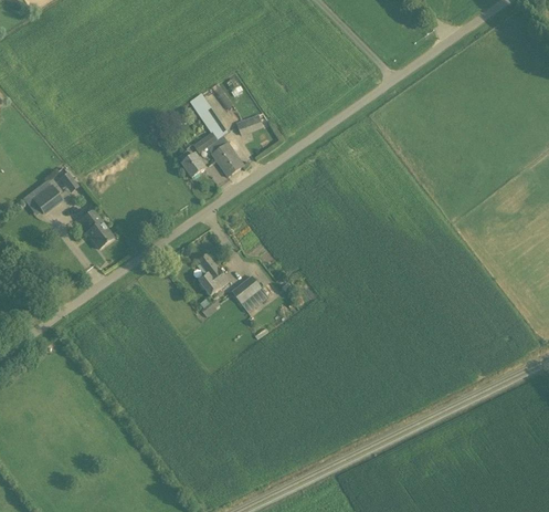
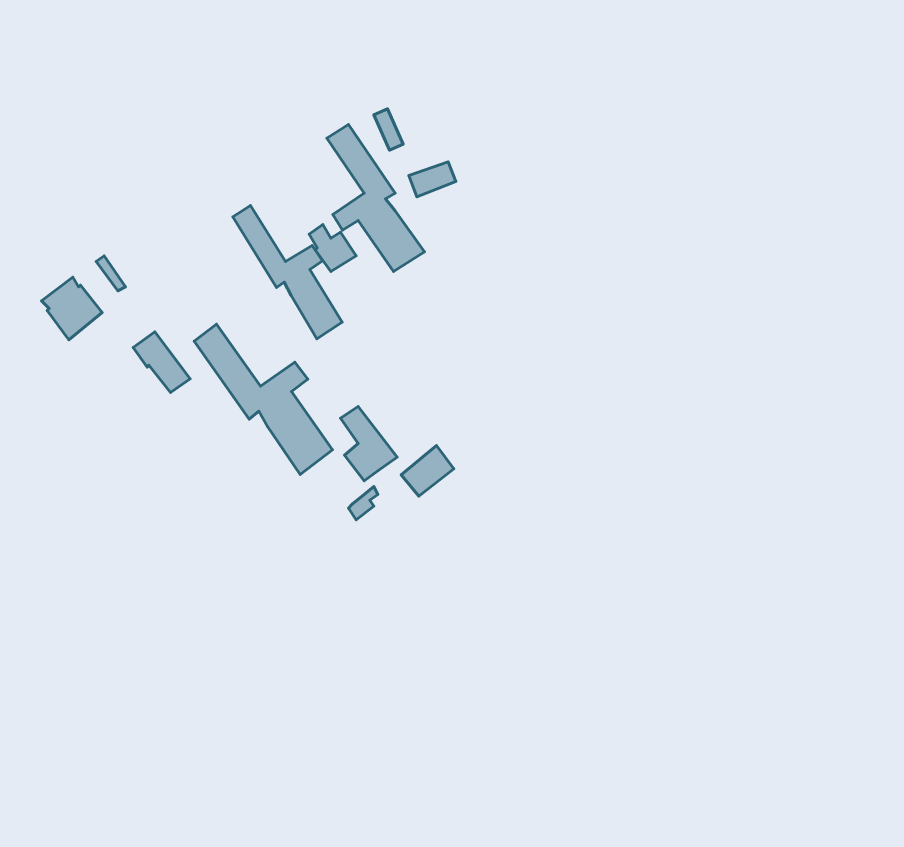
building: none -> [233,205,342,339]
building: none -> [194,324,332,474]

